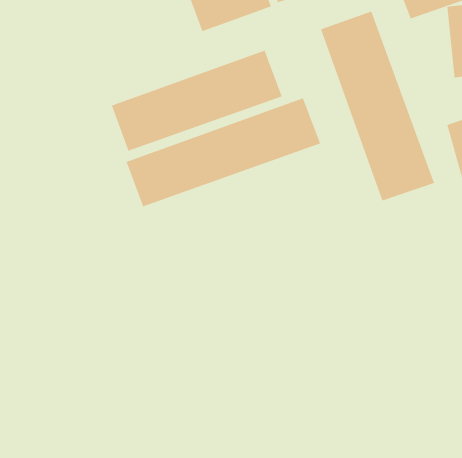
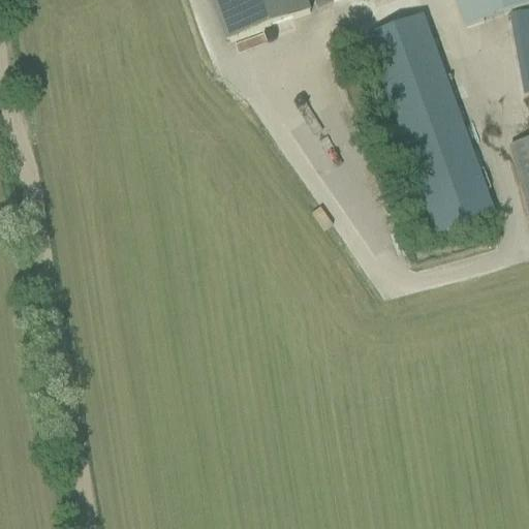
building: [111,50,283,152] -> none
building: [126,98,321,207] -> none

